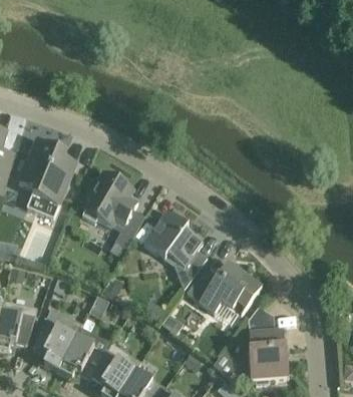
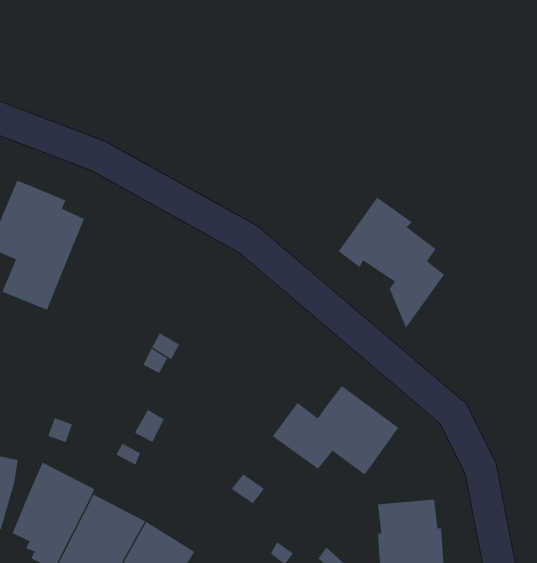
building: [81,168,137,226] -> none
building: [143,210,207,288] -> [338,197,445,329]

